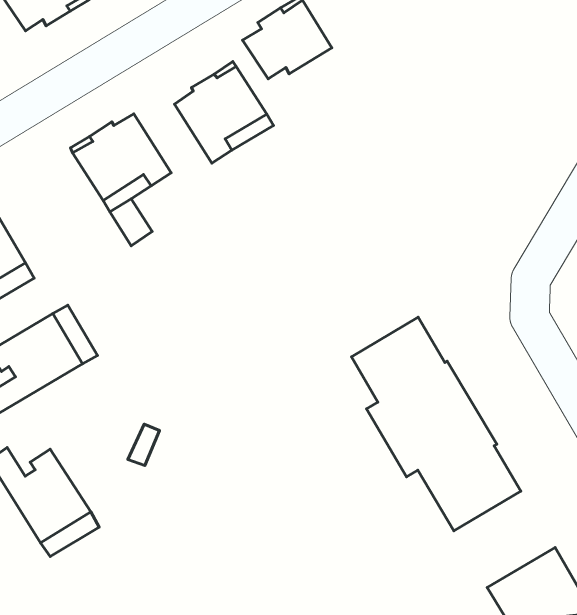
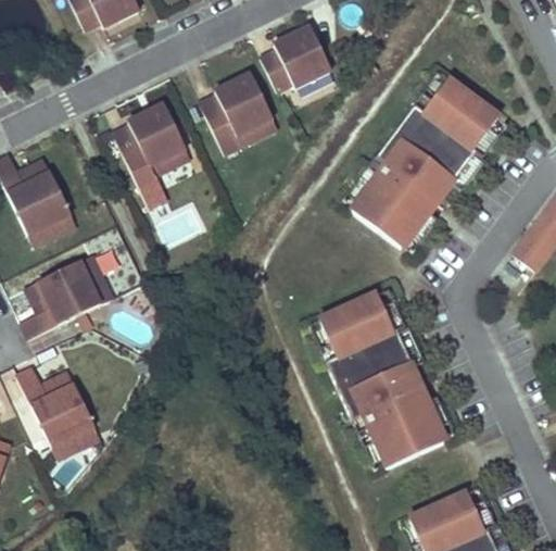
building: none -> [352,80,501,250]

